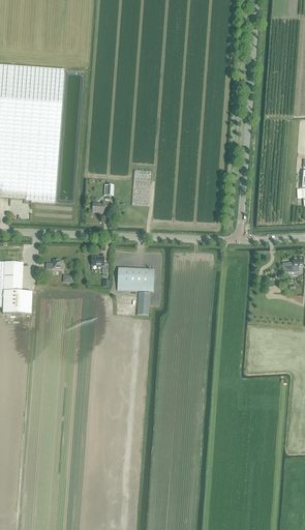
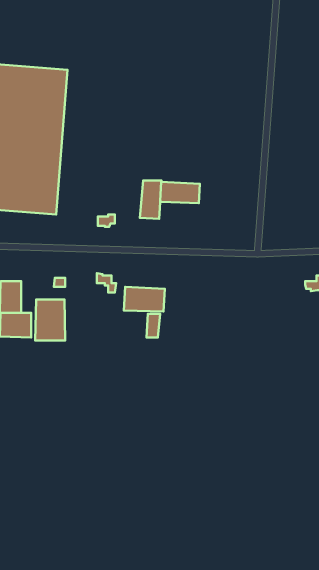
building: none -> [160,182,200,203]
building: none -> [35,299,65,341]

